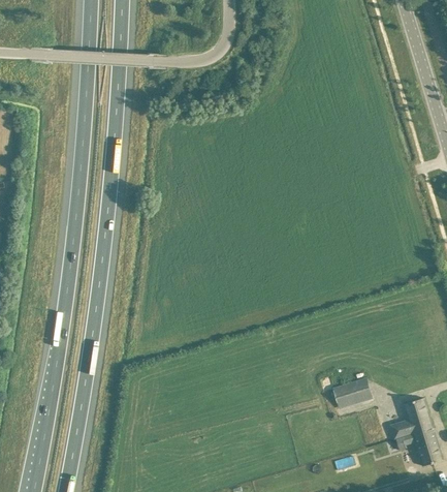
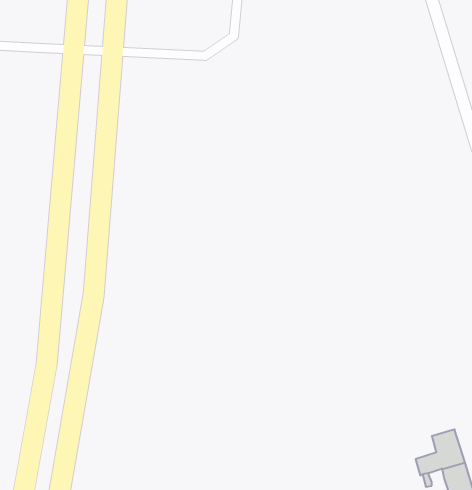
building: [334,377,375,409] -> none

